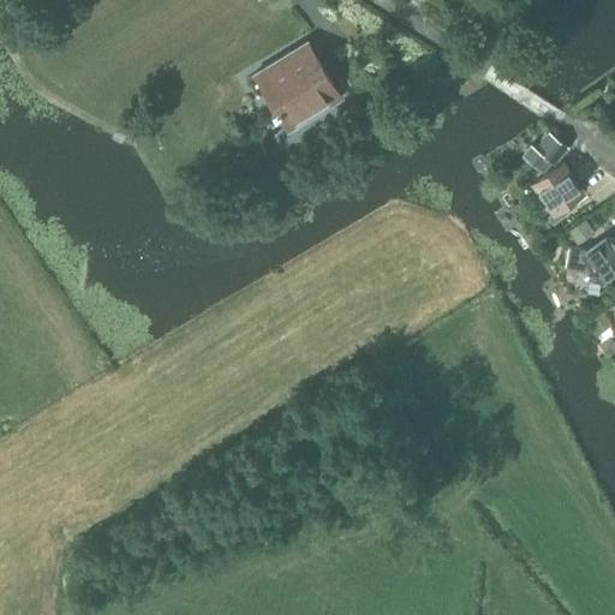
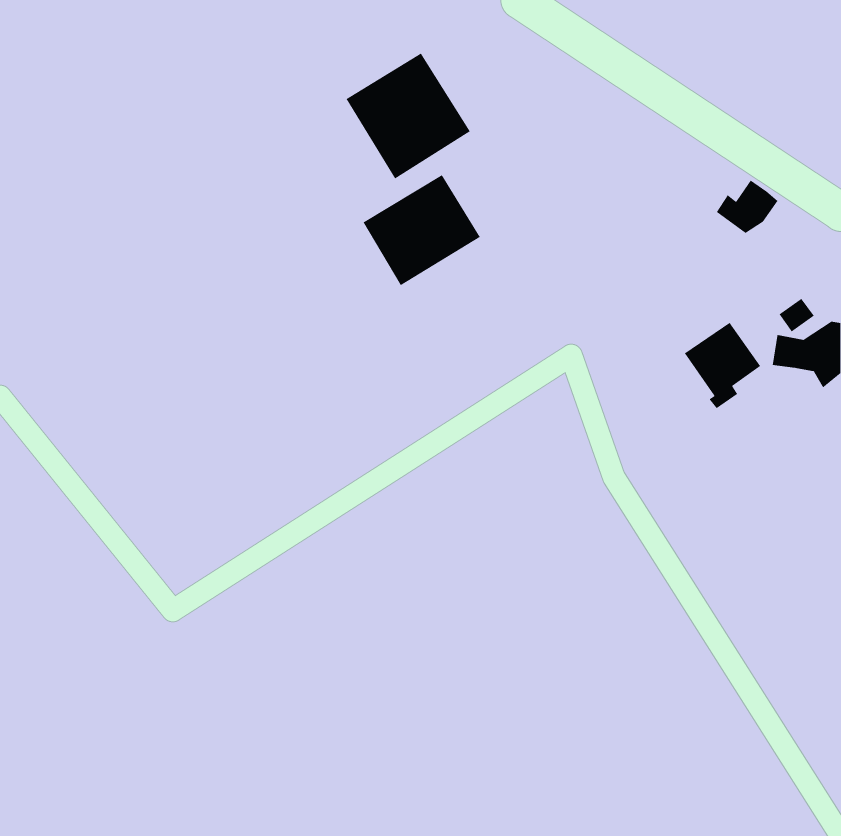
building: none -> [363,174,481,286]
building: [530,162,586,226] -> [684,322,761,409]

